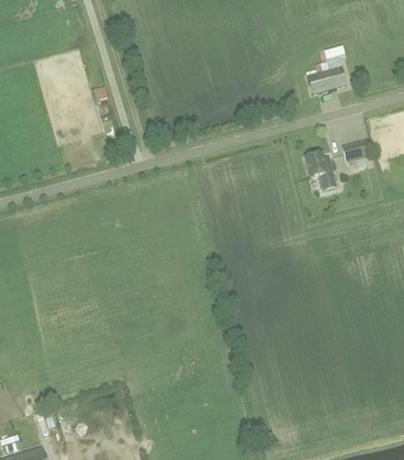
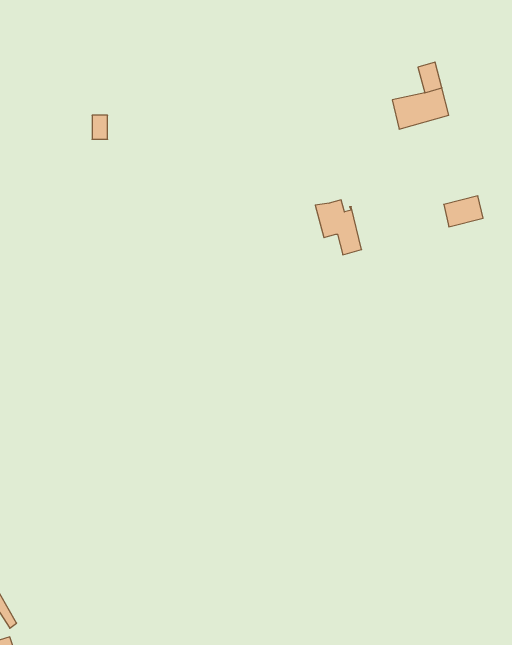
building: [304,152,336,190] -> [315,200,362,255]

